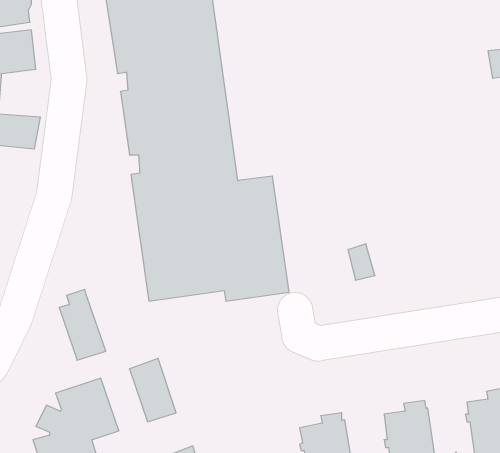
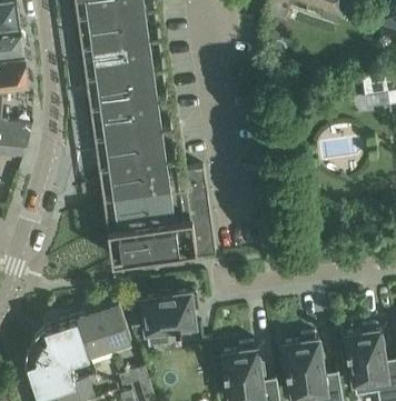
building: [59,289,106,360] -> [76,303,110,355]
building: none -> [141,292,198,347]

